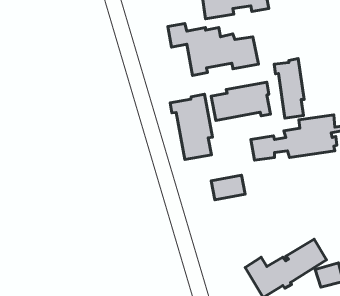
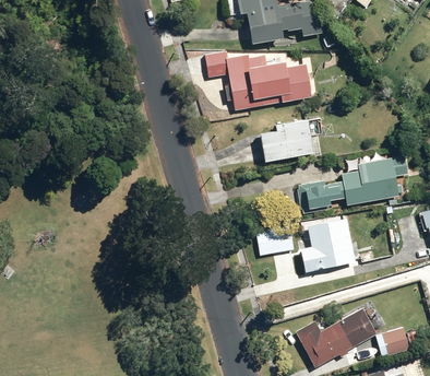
building: [274,59,304,118] -> none
building: [170,94,212,160] -> none
building: none -> [297,219,354,273]

